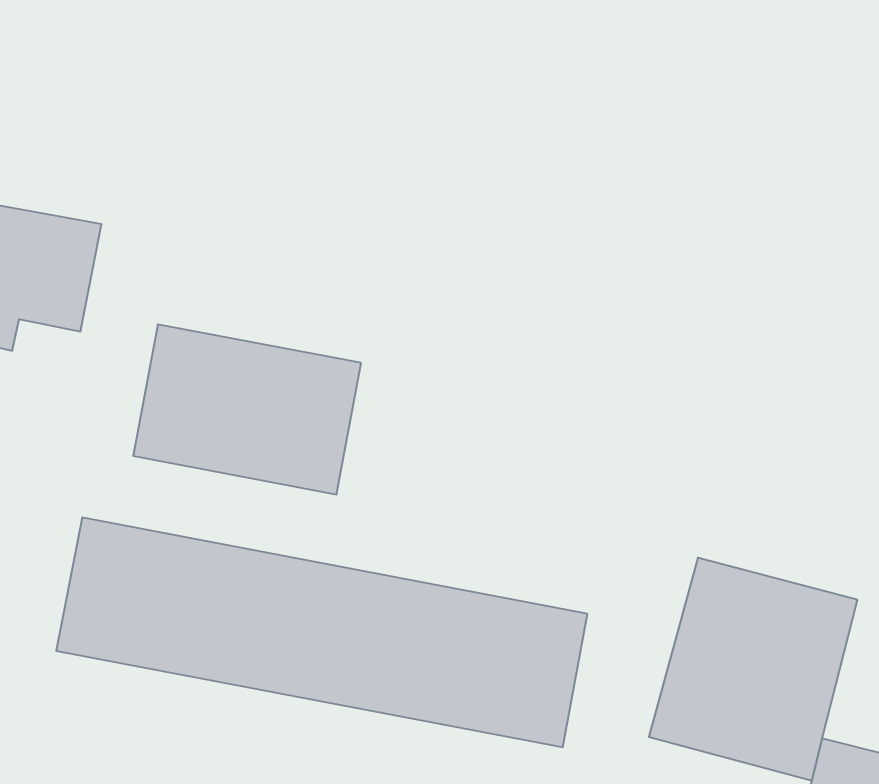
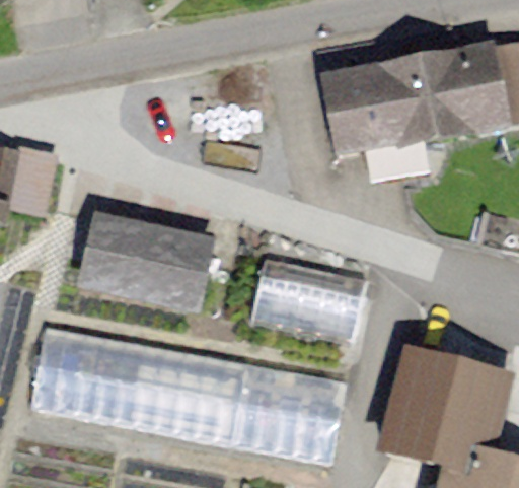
building: none -> [313,42,504,165]
building: none -> [249,256,373,348]

